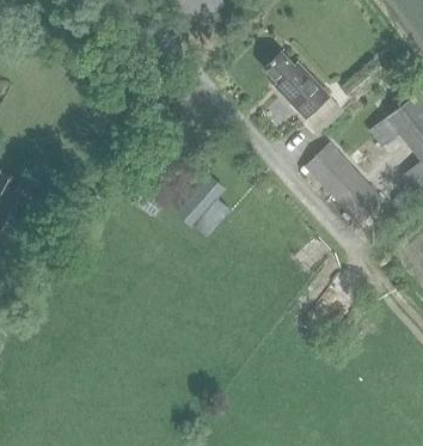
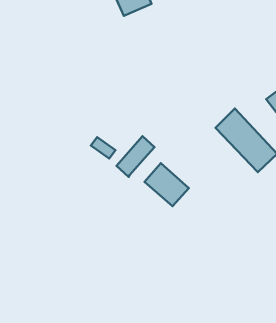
building: [264,53,332,121] -> none
building: none -> [145,163,189,206]

